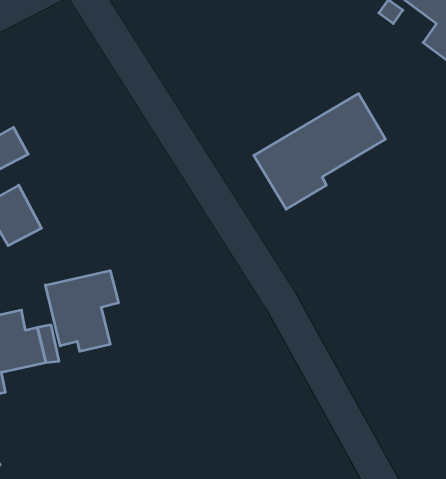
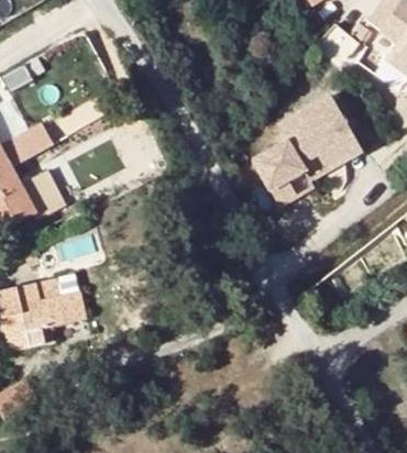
building: none -> [272,135,363,209]
building: [45,271,118,351] -> none

